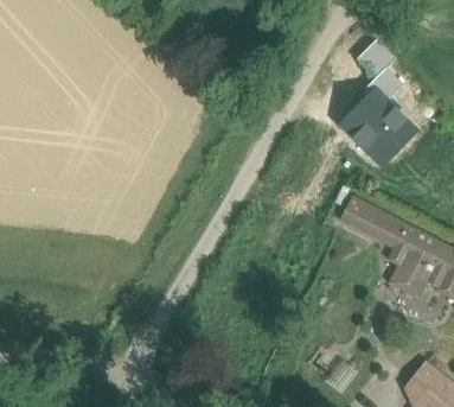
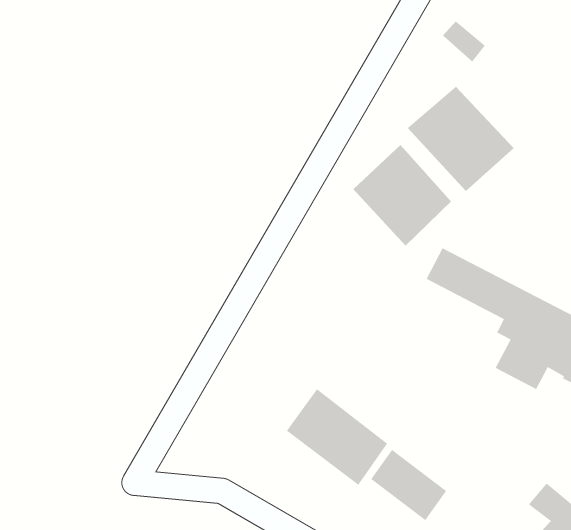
building: none -> [353,144,452,247]
building: none -> [286,388,388,486]

